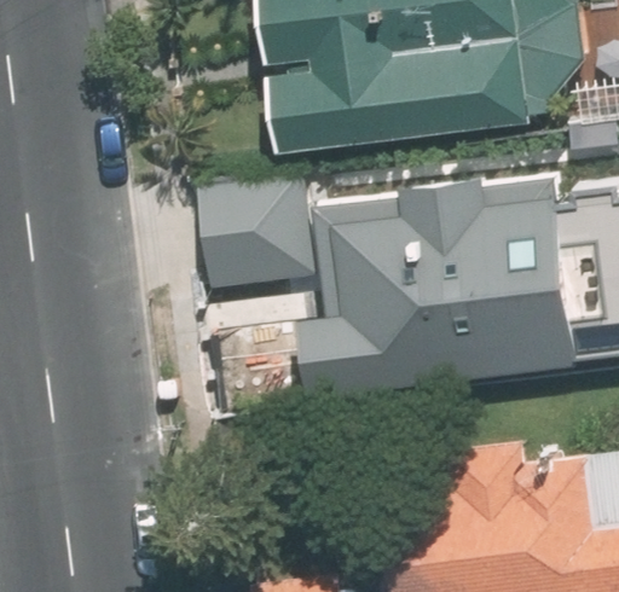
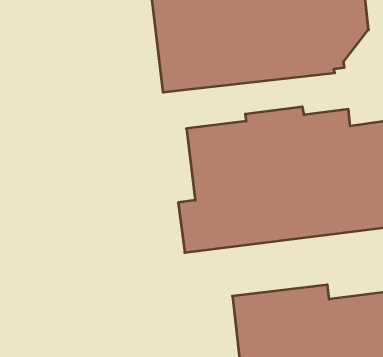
building: [197,170,316,292] -> none

